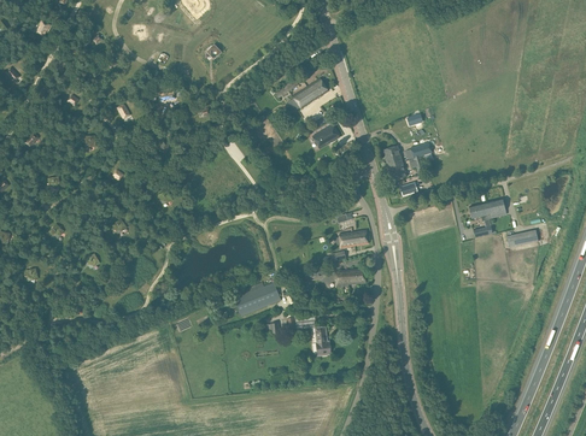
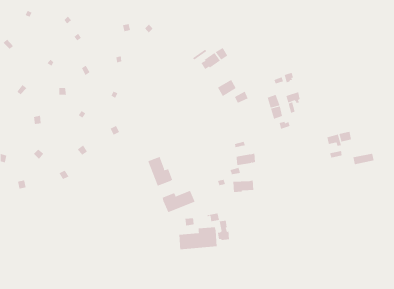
building: none -> [147,156,173,186]
building: none -> [179,226,217,250]

